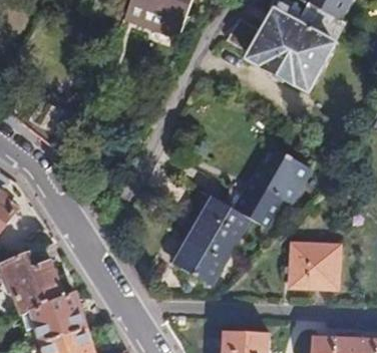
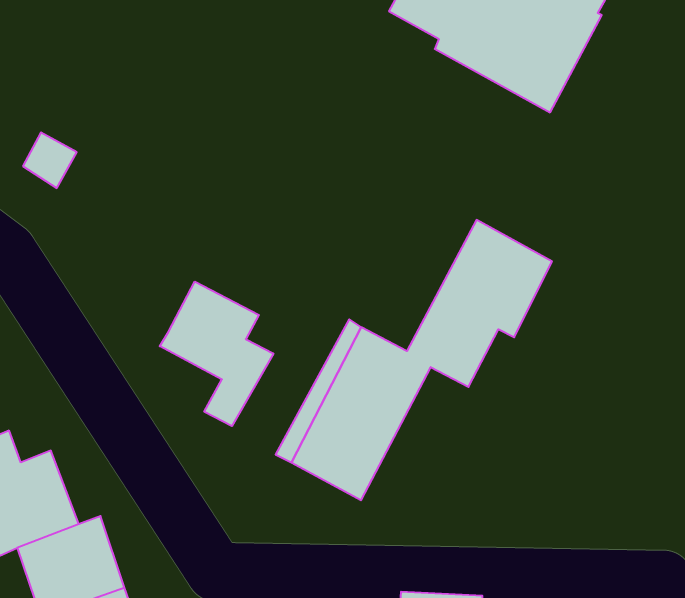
building: none -> [160,282,273,426]
building: [290,245,341,288] -> none

